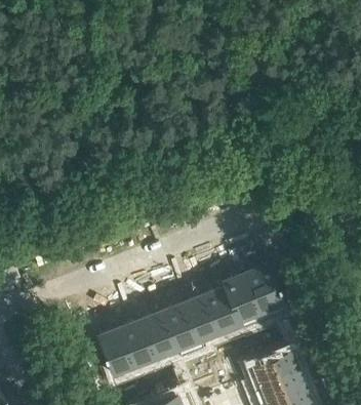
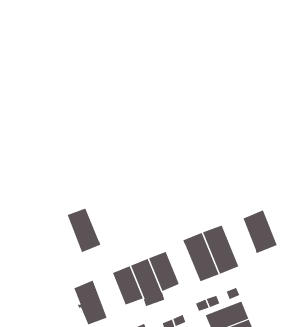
building: none -> [241,210,278,254]
building: [204,284,242,335] -> none
building: [121,317,160,368] -> [67,208,101,253]

